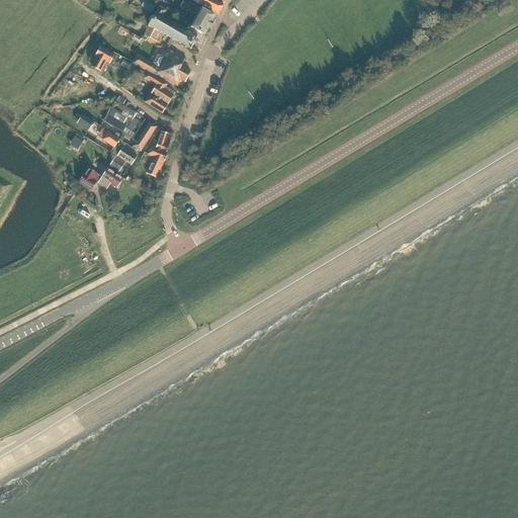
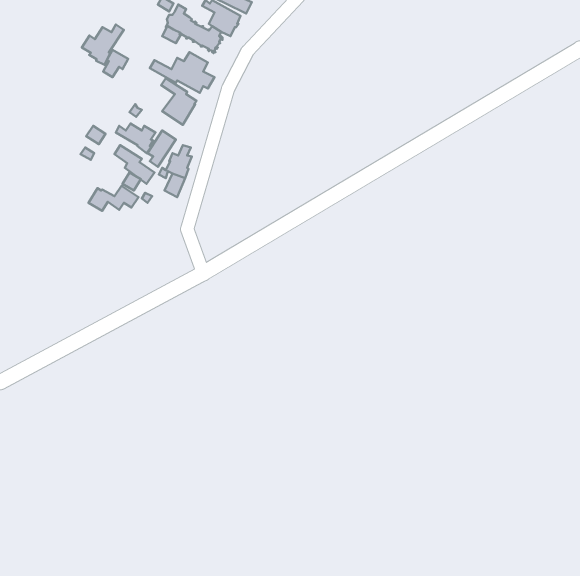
building: none -> [82,24,124,65]

